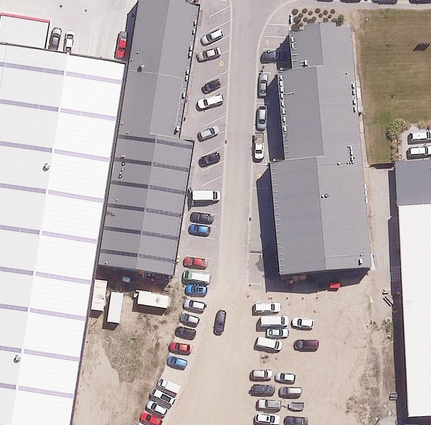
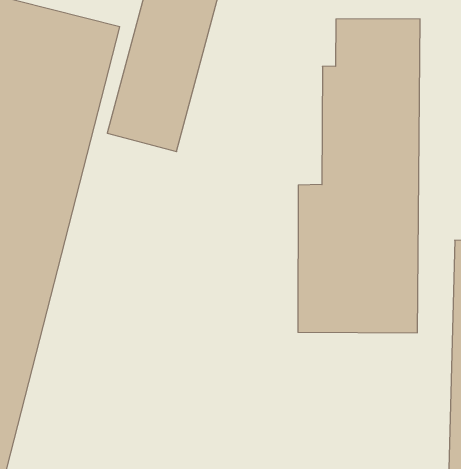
building: [98,136,193,279] -> none

